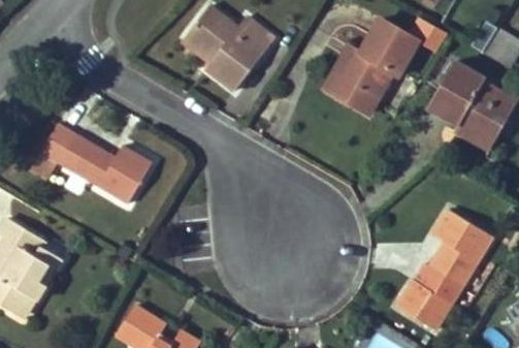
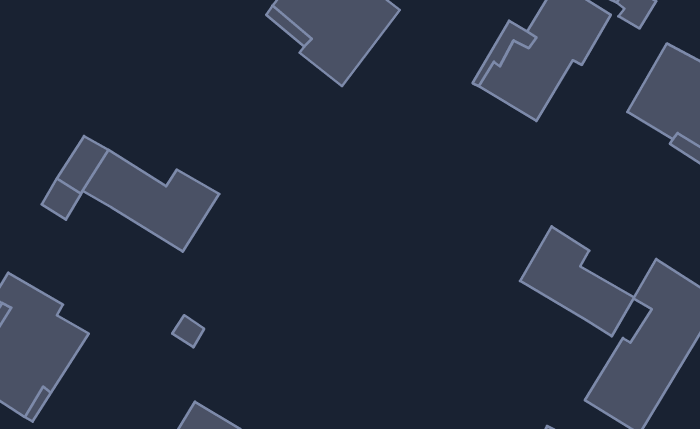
building: none -> [520,226,634,336]

